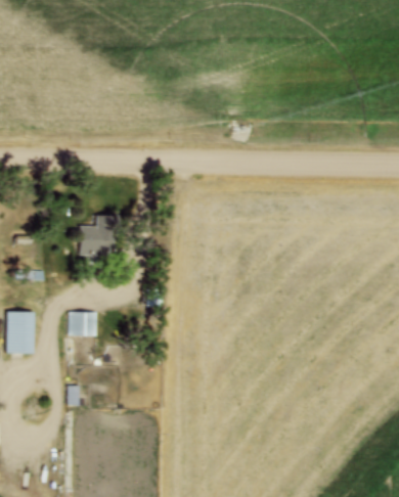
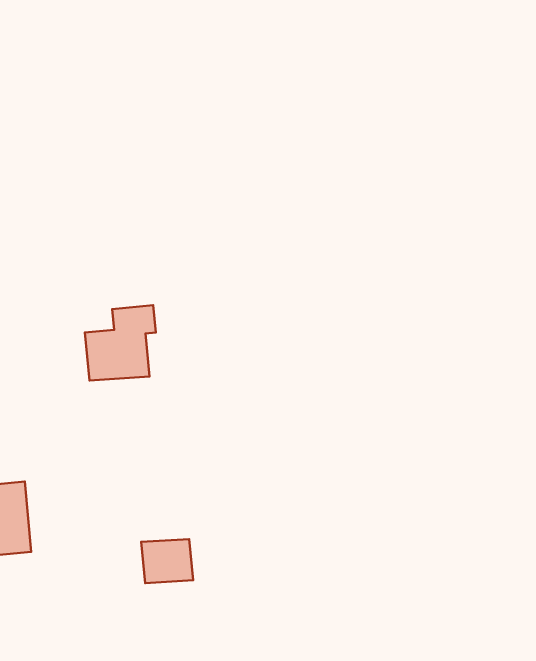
building: [69,312,97,337] -> [141,539,193,583]

